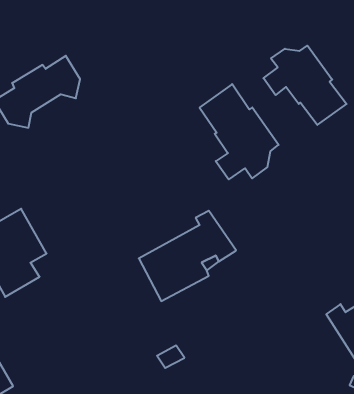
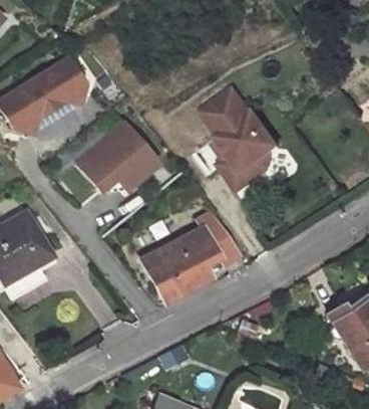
building: [263,46,347,125] -> none
building: none -> [75,121,157,191]

